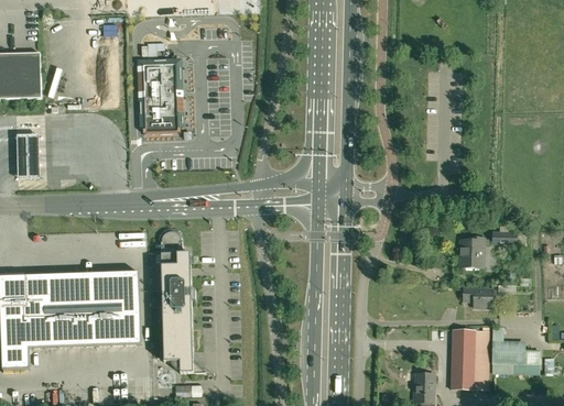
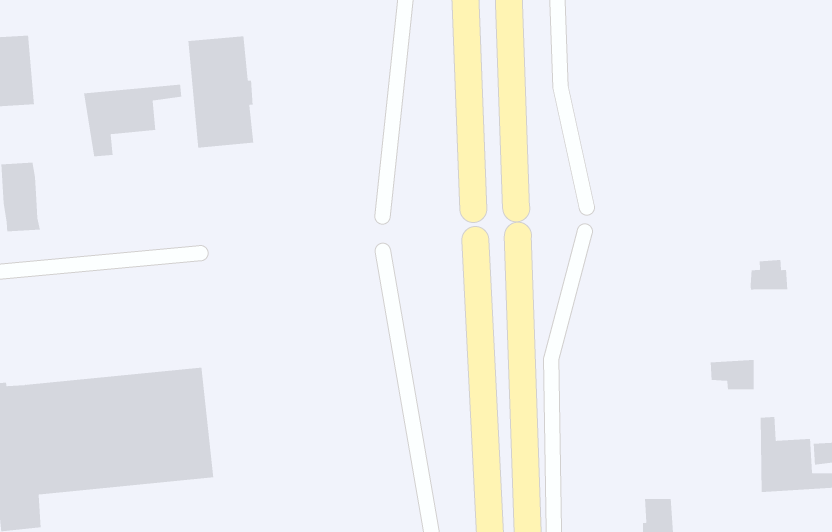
building: none -> [83,84,182,157]
building: [161,230,204,372] -> none
building: [458,238,484,267] -> none
building: [451,329,487,388] -> none

